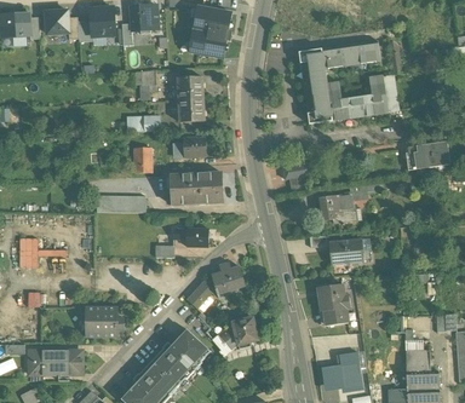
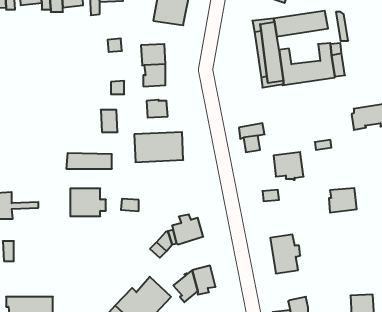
building: [173,228,208,247] -> none
building: [332,238,362,265] -> [329,188,357,213]
building: [85,306,124,336] -> [70,188,106,216]

